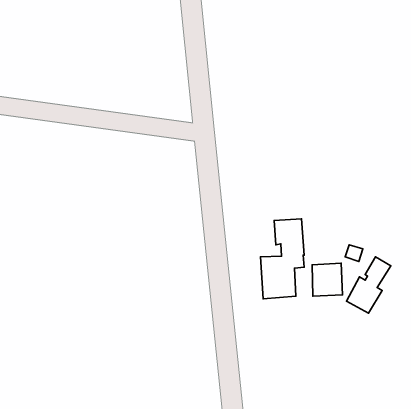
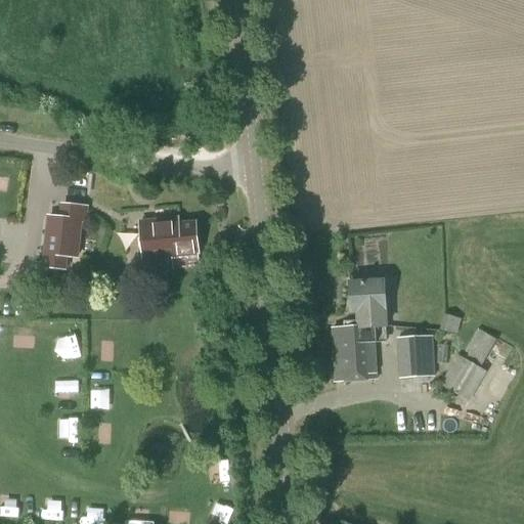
building: none -> [44,204,87,268]
building: none -> [140,218,199,258]

